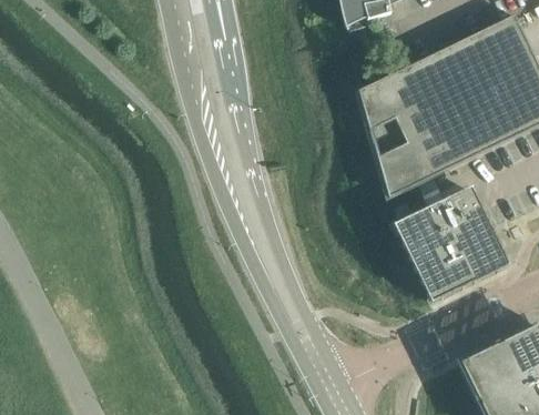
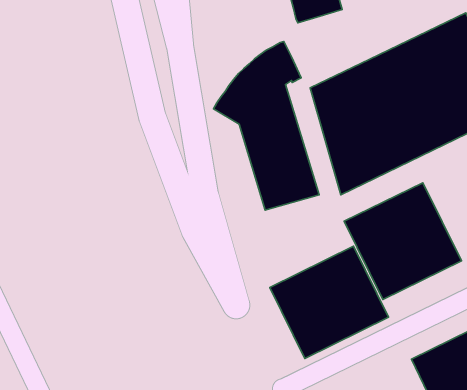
building: none -> [214,41,319,210]
building: none -> [270,246,389,358]

